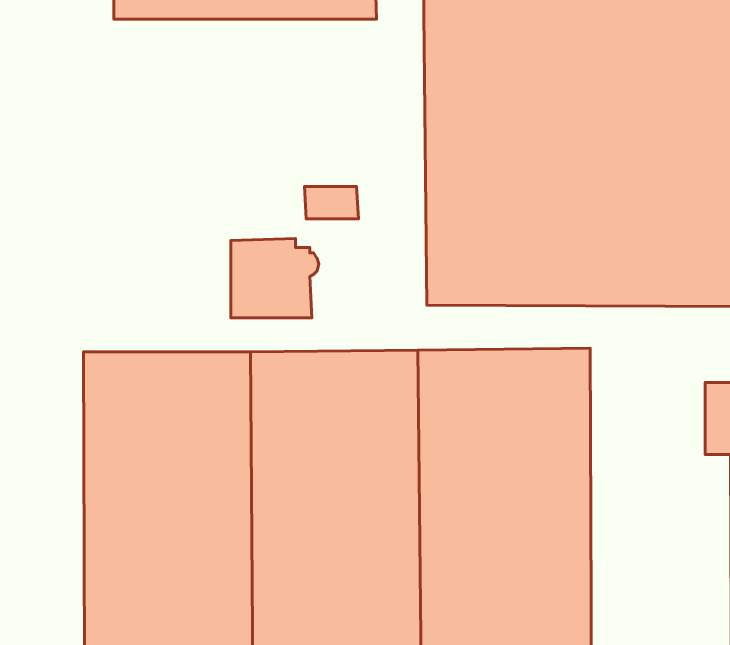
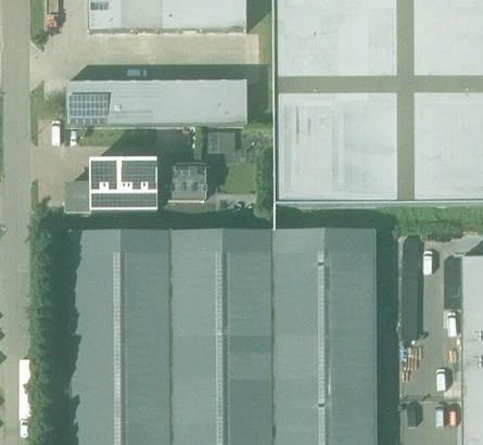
building: none -> [67,78,249,124]
building: none -> [71,162,160,209]

